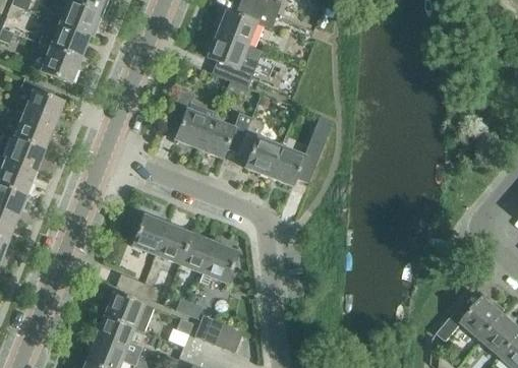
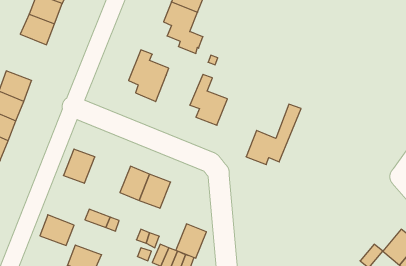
building: [21,78,64,125] -> none
building: [198,113,253,159] -> none
building: [270,116,334,186] -> [246,104,301,165]
building: [132,216,169,255] -> [63,149,95,183]
building: [204,243,239,283] -> [176,224,206,258]
building: [105,292,145,327] -> [40,215,74,245]

